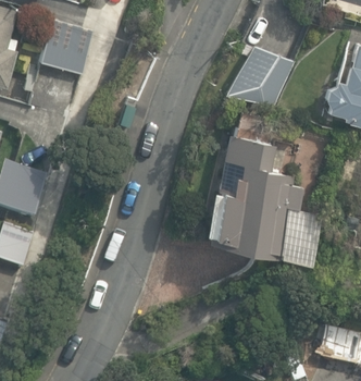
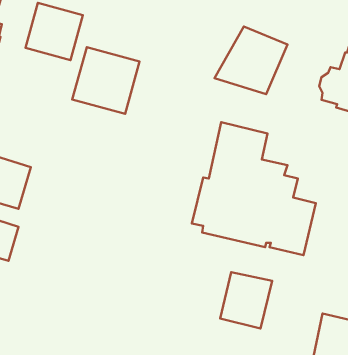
building: none -> [72,47,139,114]
building: none -> [220,272,272,328]

